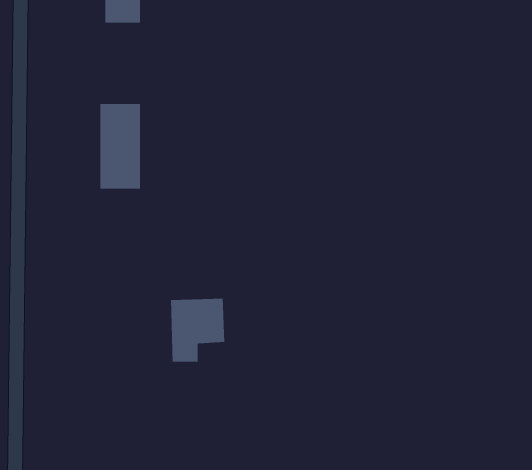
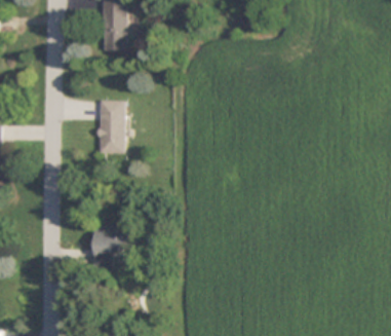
building: [170,298,225,362] -> [92,226,126,266]

